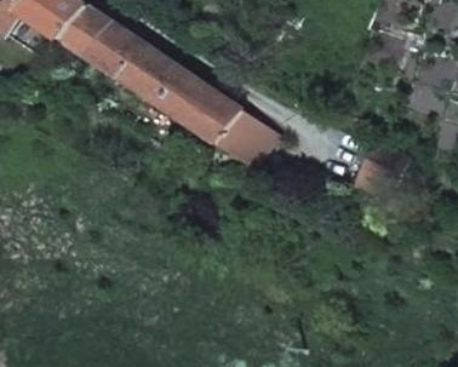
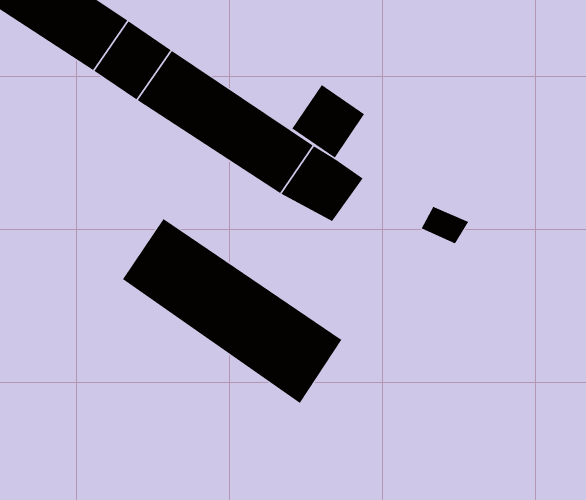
building: none -> [291,84,365,159]
building: none -> [122,218,342,404]

